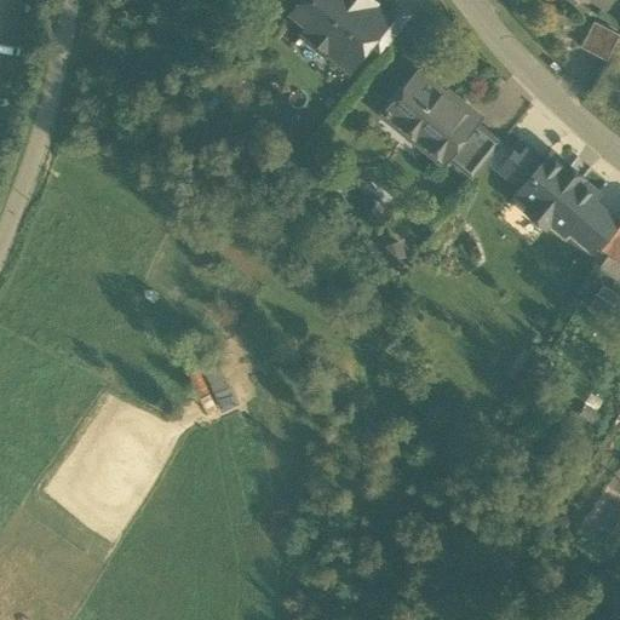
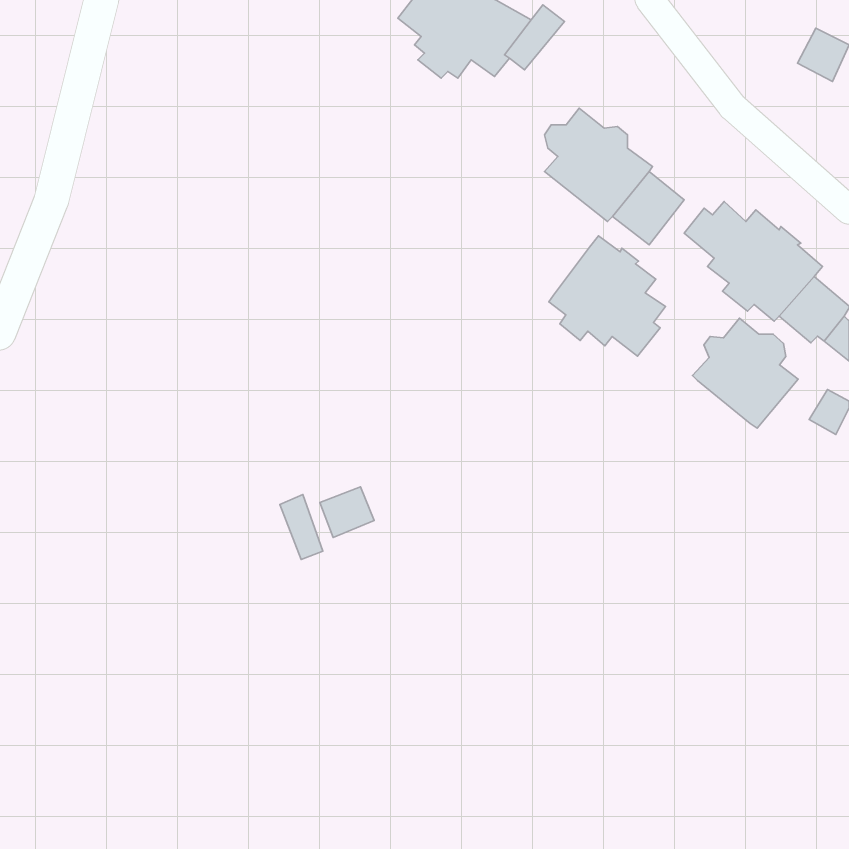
building: none -> [549,236,665,356]
building: none -> [692,318,798,428]
building: none -> [320,487,374,537]

